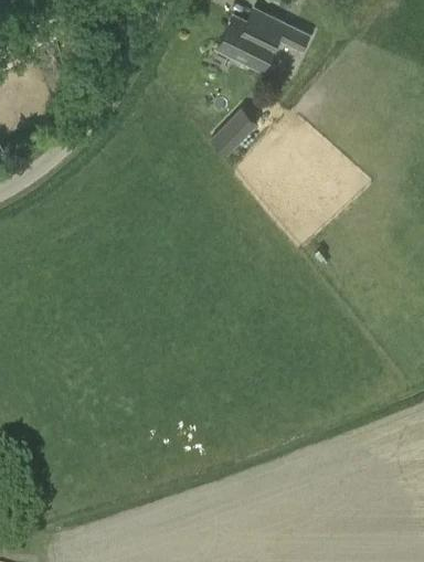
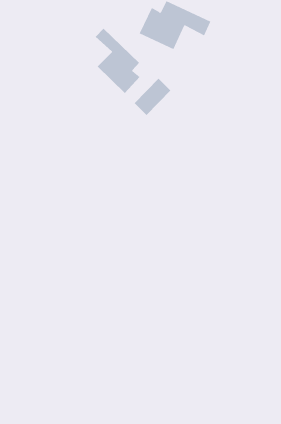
building: none -> [95,28,141,94]

